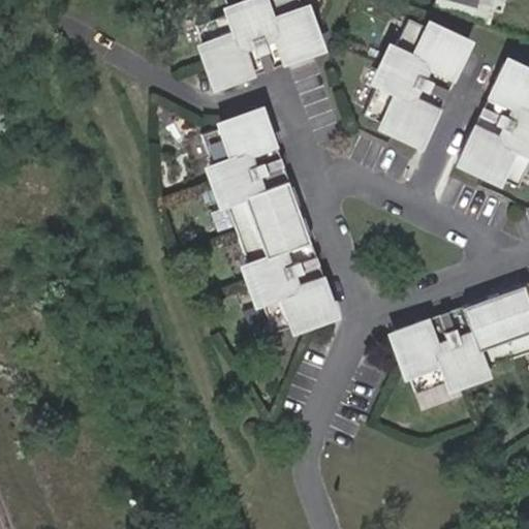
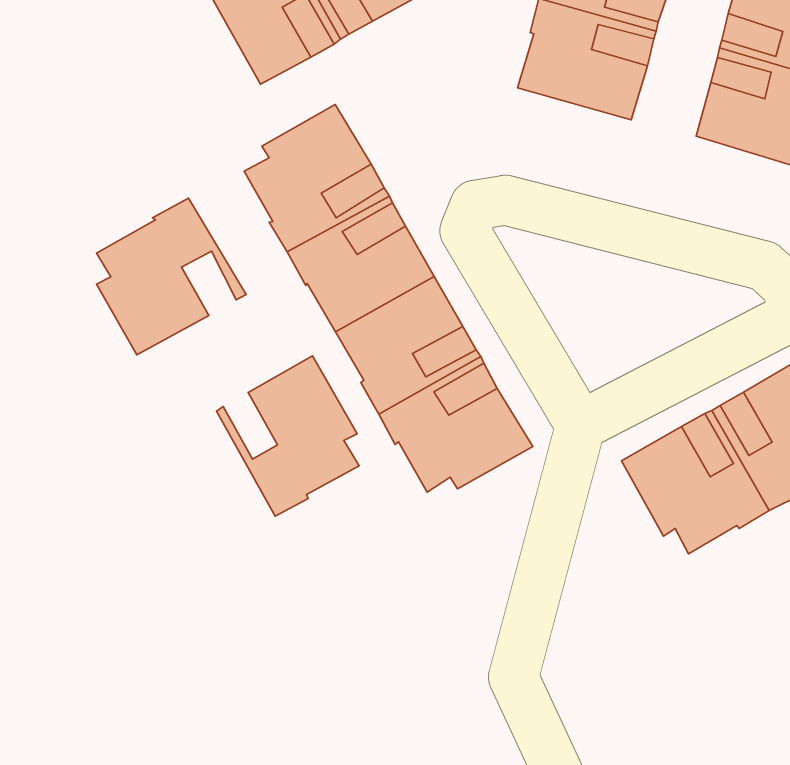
building: none -> [97,198,246,355]
building: none -> [217,356,359,516]

